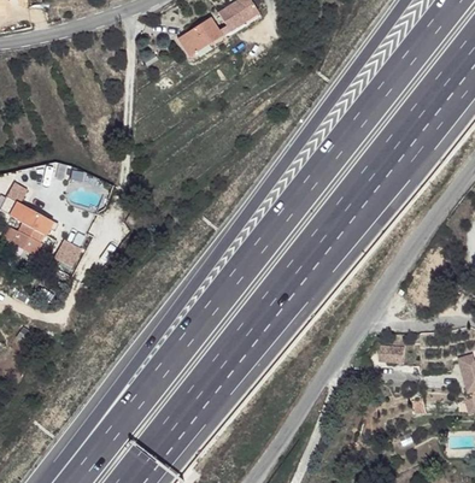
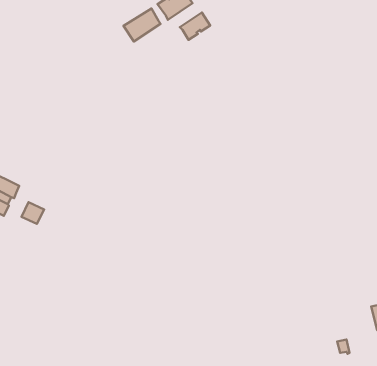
building: none -> [180,13,210,40]

